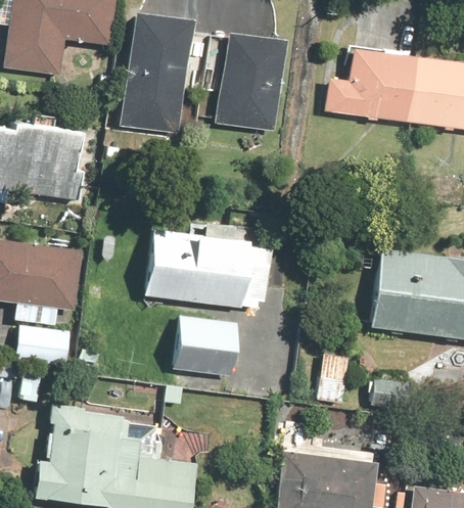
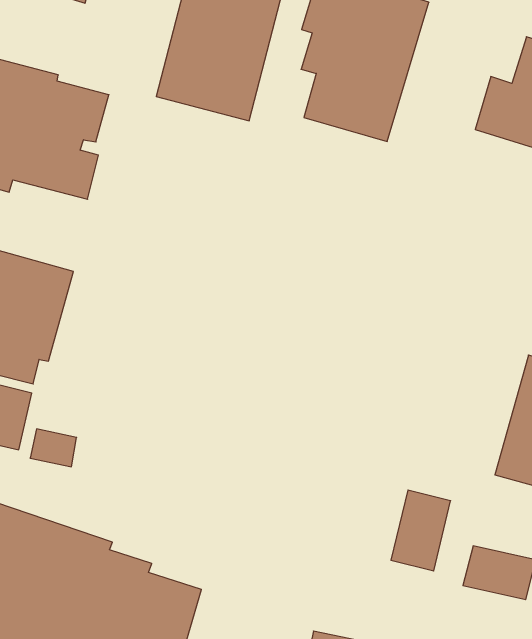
building: [141,226,279,310] -> none
building: [167,315,242,376] -> none

